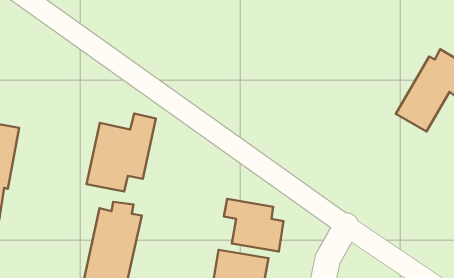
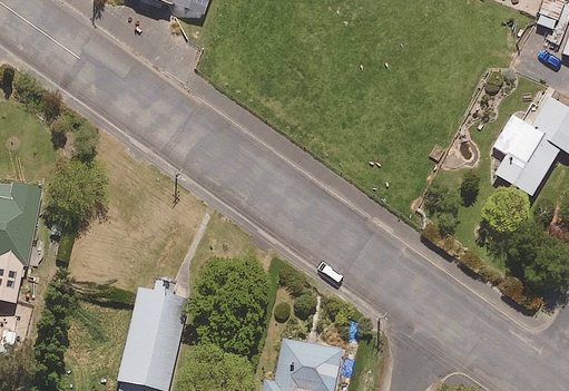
building: [86,114,156,192] -> none
building: [224,199,283,251] -> none

